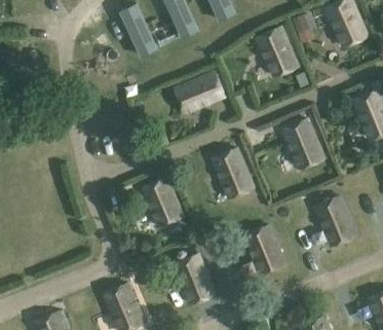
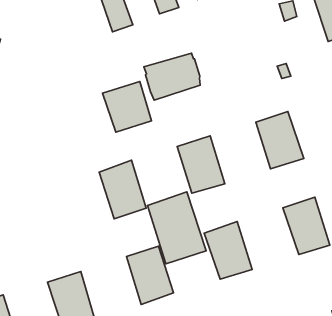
building: [254,25,300,78] -> none
building: none -> [103,82,151,132]
building: none -> [148,192,206,264]

